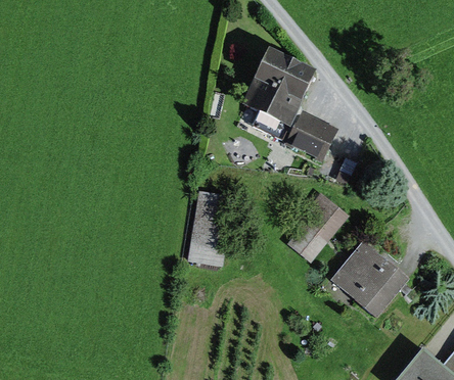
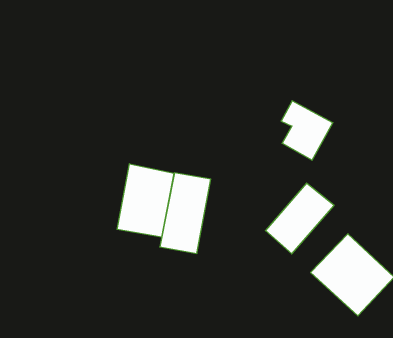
building: [246,63,318,139] -> none
building: none -> [117,164,174,237]

